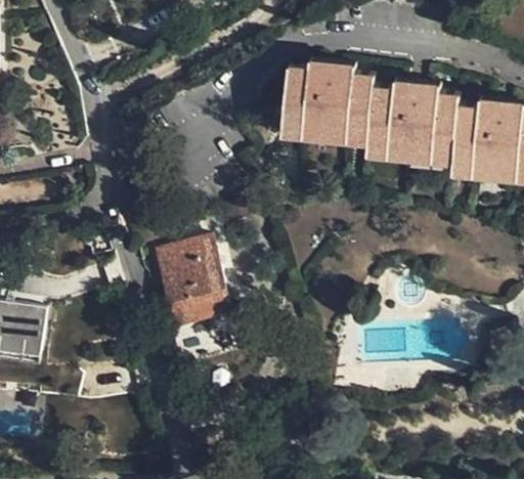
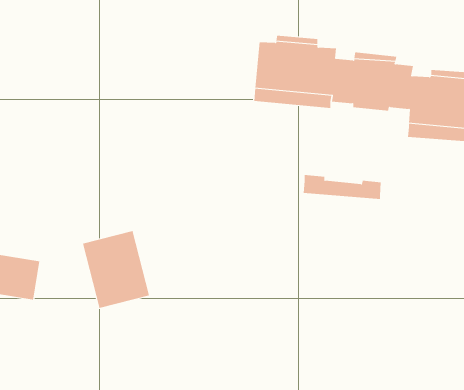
building: [366,136,453,164] -> [303,175,382,200]
building: [154,239,228,325] -> [82,231,150,308]

